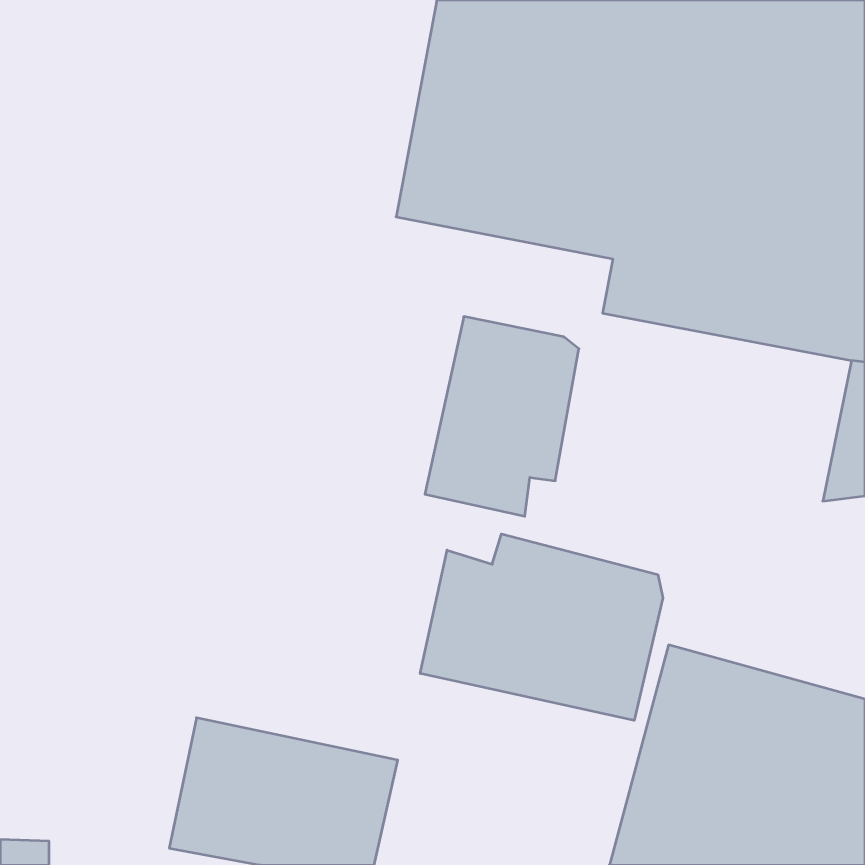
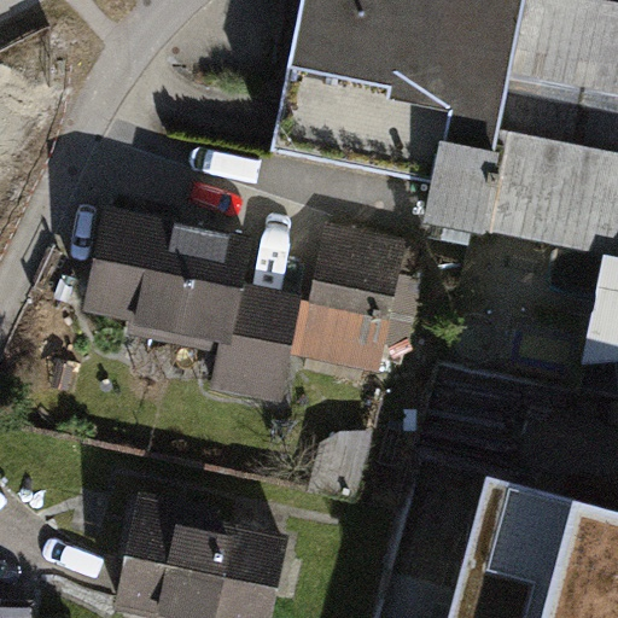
building: none -> [91,215,297,393]
building: [420,534,663,720] -> none

